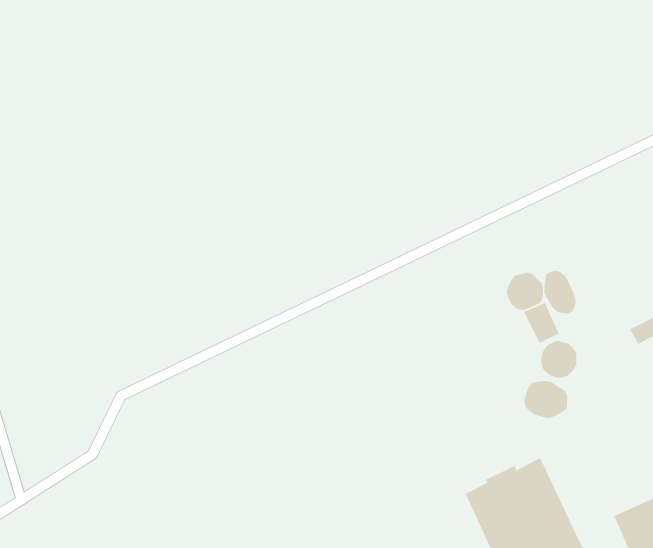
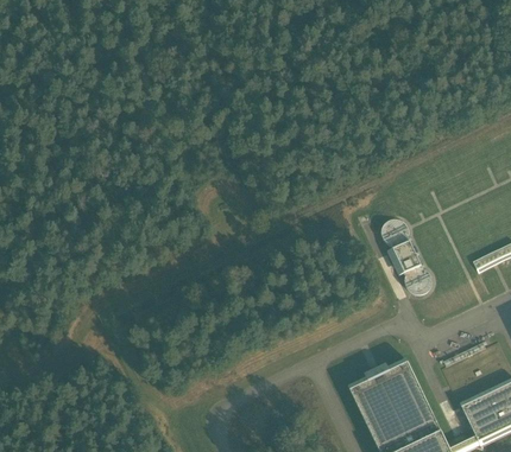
building: [544,270,576,314] -> none
building: [524,380,568,419] -> none

